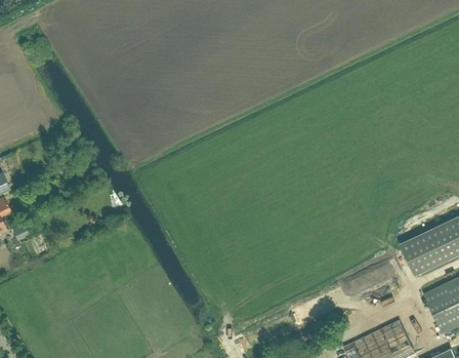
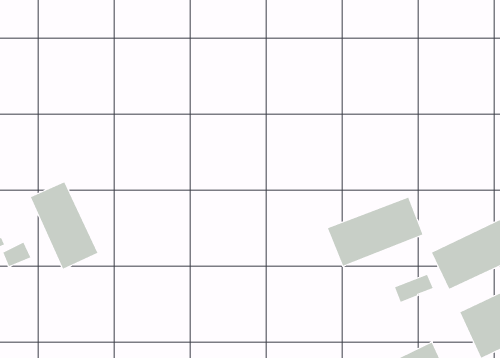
building: none -> [30,181,98,269]
building: none -> [327,197,423,266]

